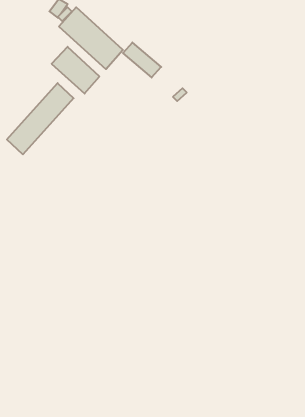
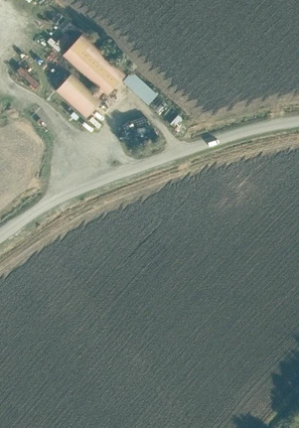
building: [7,83,74,154] -> none

